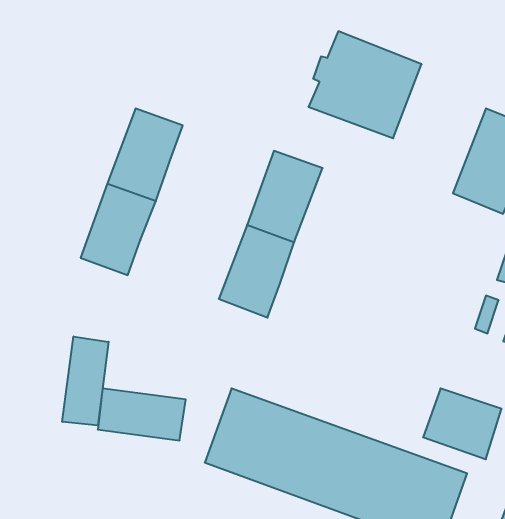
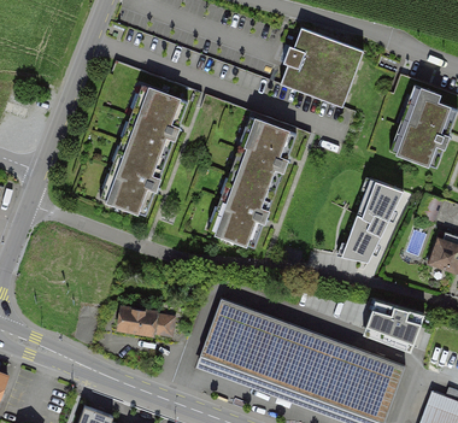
building: none -> [335,172,404,263]
building: [62,336,109,426] -> none

